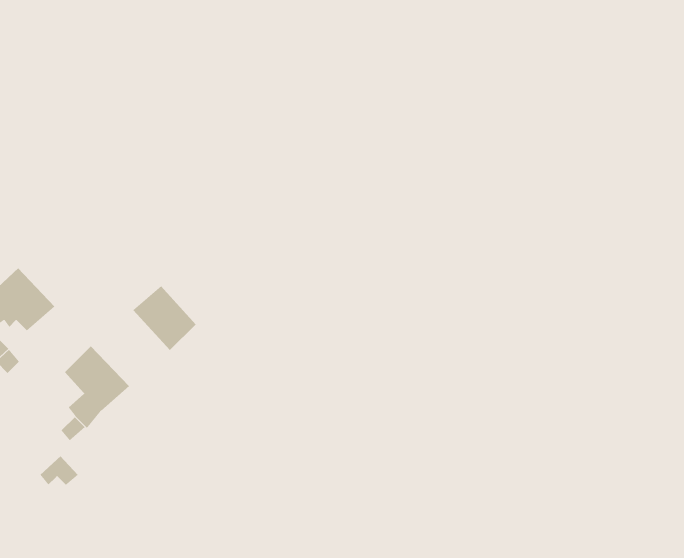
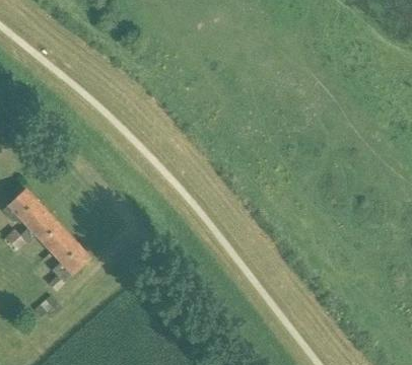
building: [133,285,196,351] -> [30,211,67,248]

